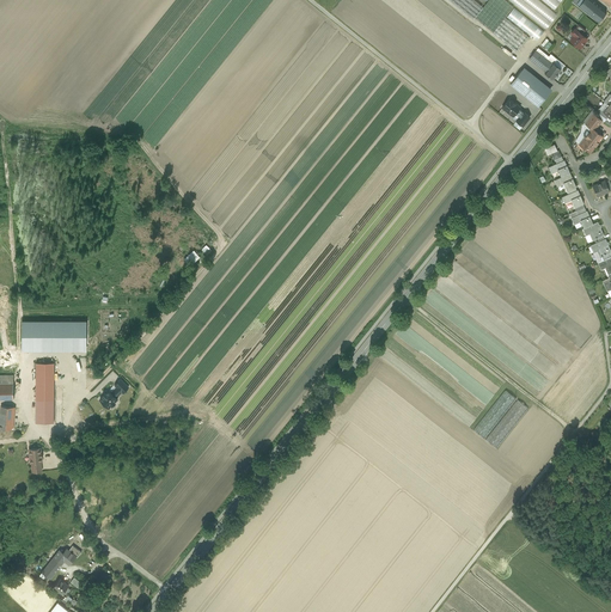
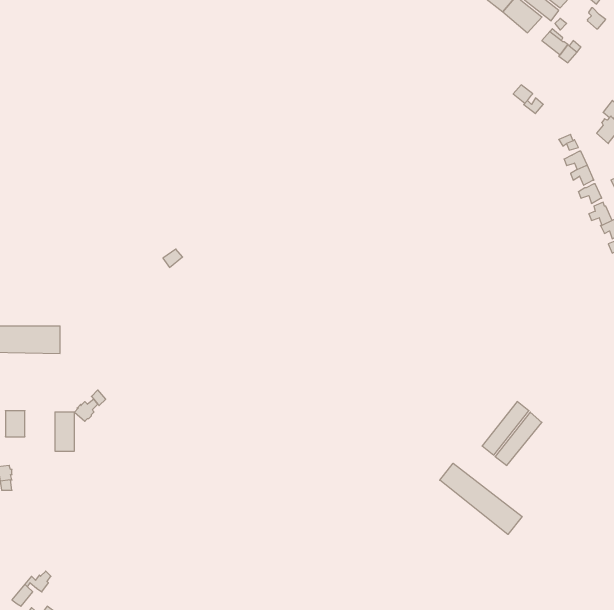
building: [511,68,551,108] -> none
building: [36,363,54,399] -> [55,412,74,451]
building: none -> [440,463,522,534]

